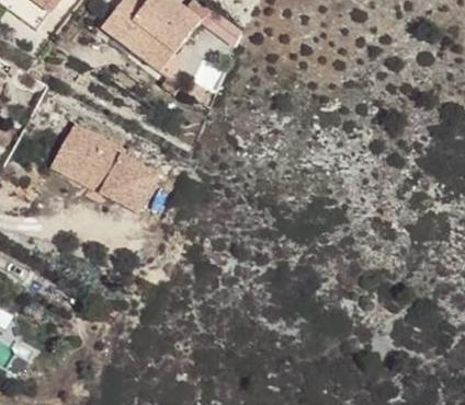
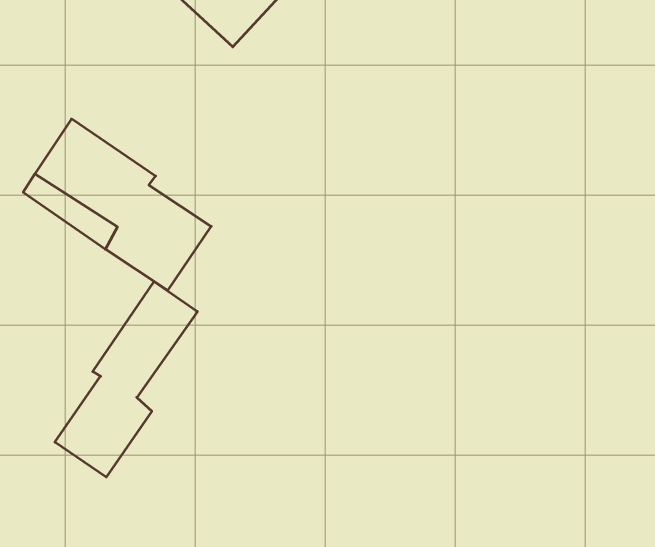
building: none -> [55,281,197,477]

